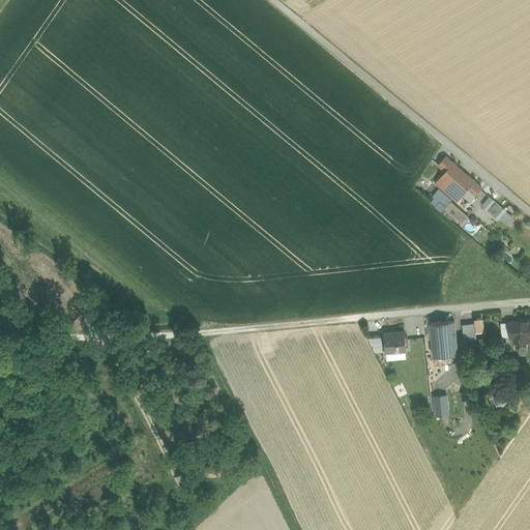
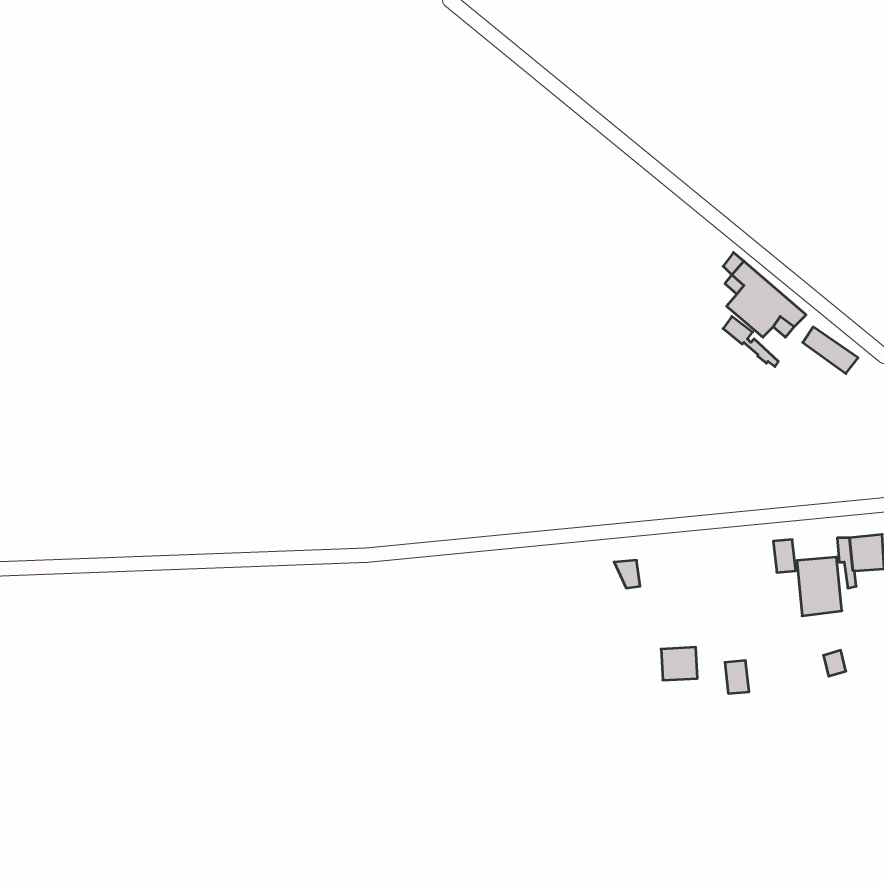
building: [431,322,458,357] -> [797,557,842,616]
building: [384,332,406,352] -> [661,647,697,680]

